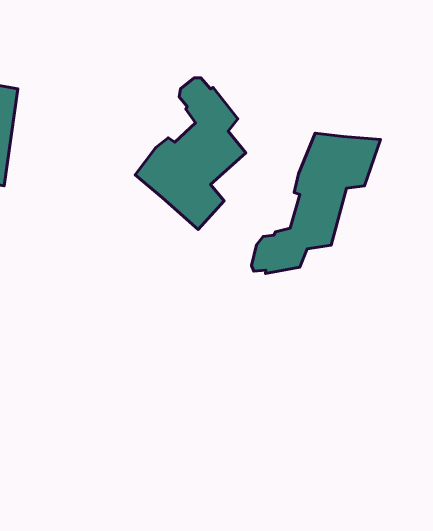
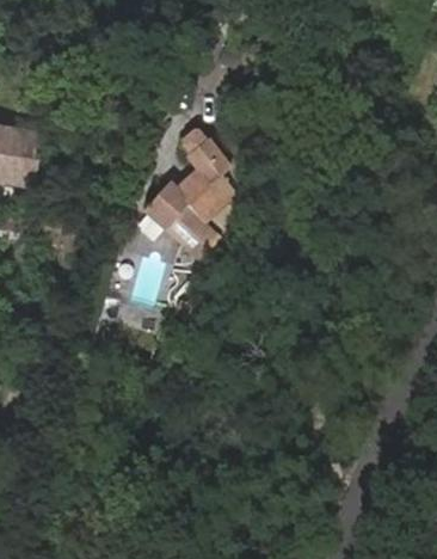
building: [252,133,381,273] -> none

